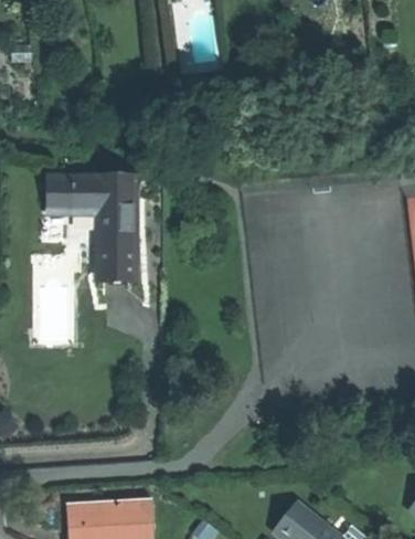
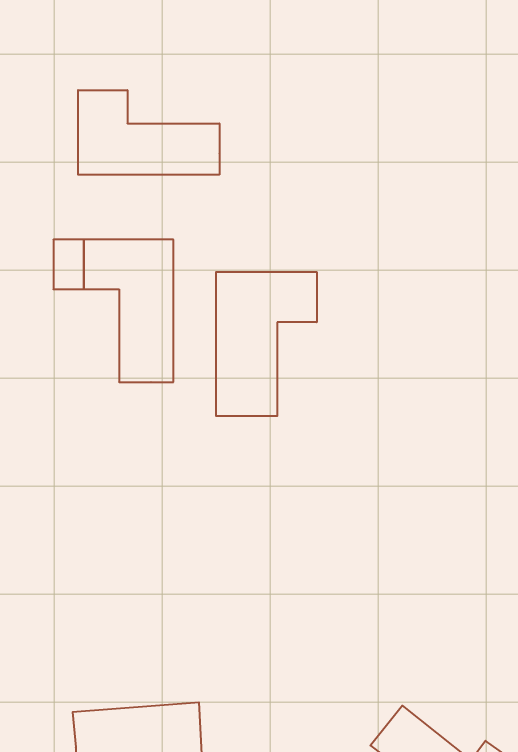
building: none -> [78,90,219,175]
building: none -> [216,272,317,416]

